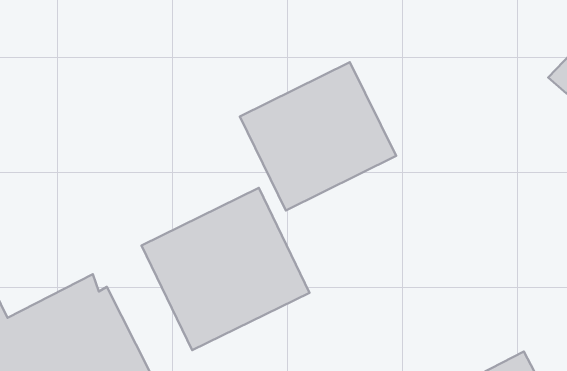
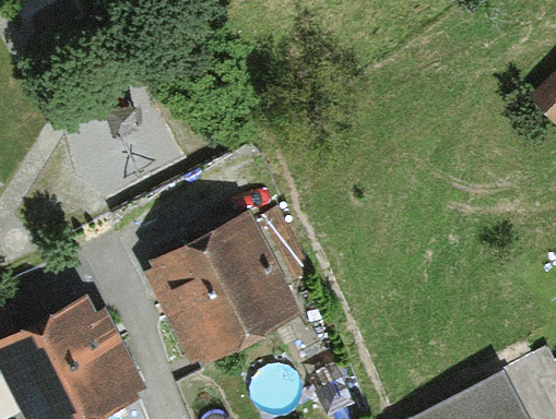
building: [240,62,396,210] -> none

